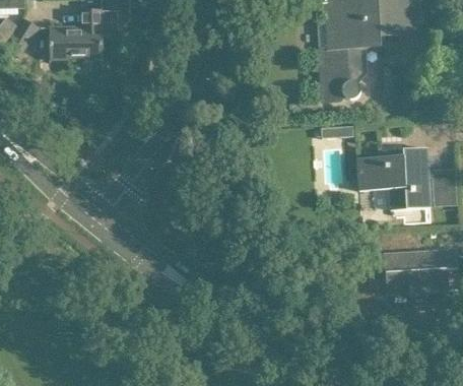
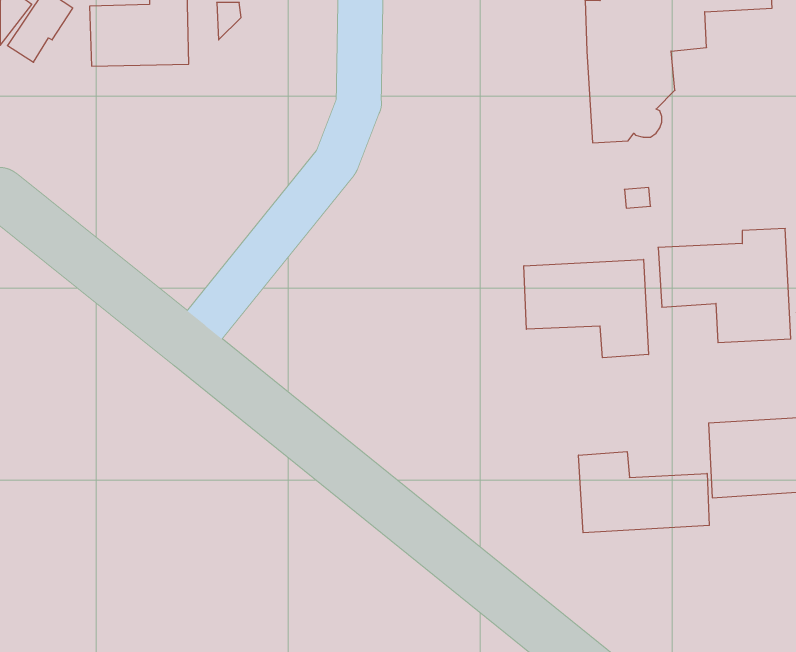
building: none -> [524,259,648,358]
building: none -> [579,452,709,533]

